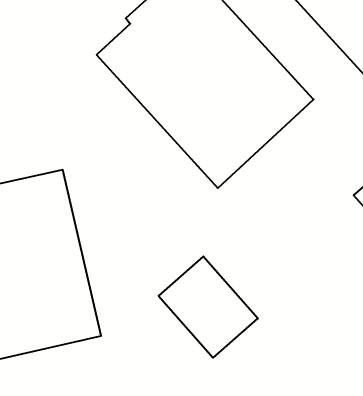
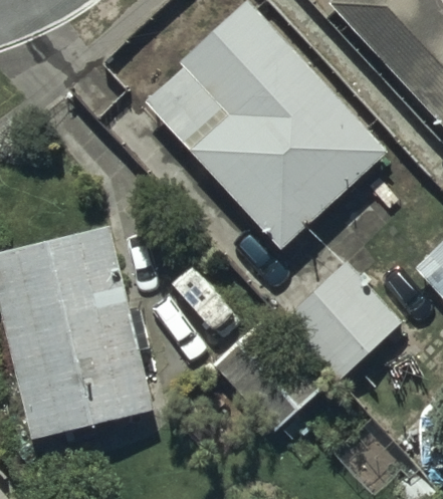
building: none -> [280,263,403,385]

